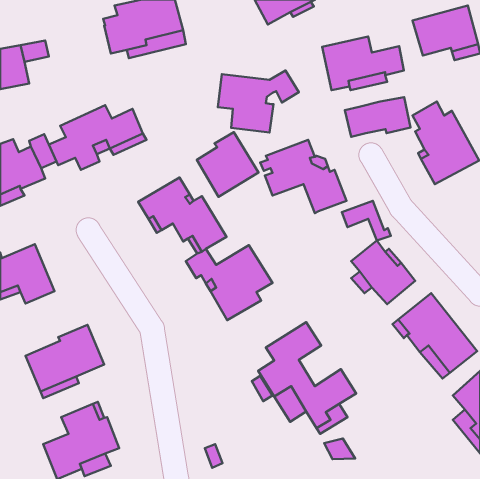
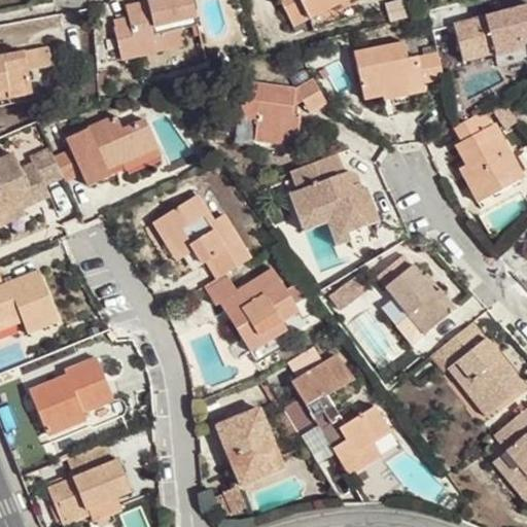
building: [345,97,410,137] -> none
building: [197,132,259,197] -> none
building: [342,201,391,240] -> [298,202,352,245]
building: none -> [215,408,283,484]

